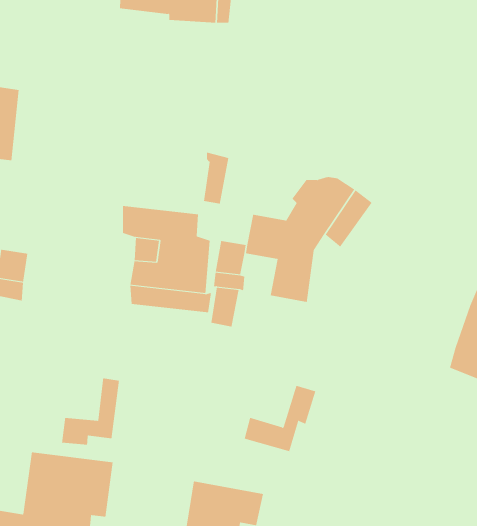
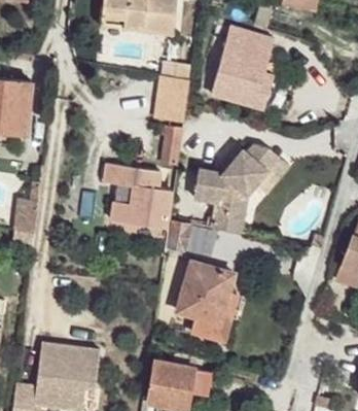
building: none -> [211,25,274,106]
building: none -> [157,73,189,121]
building: none -> [178,262,232,321]
building: [62,378,120,446] -> none

